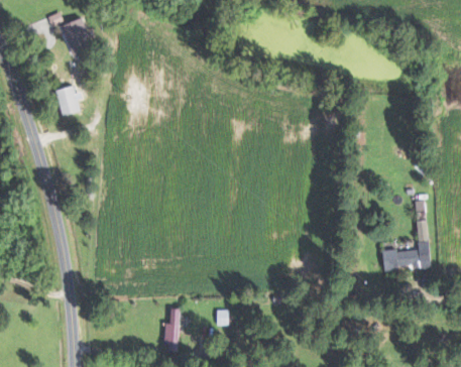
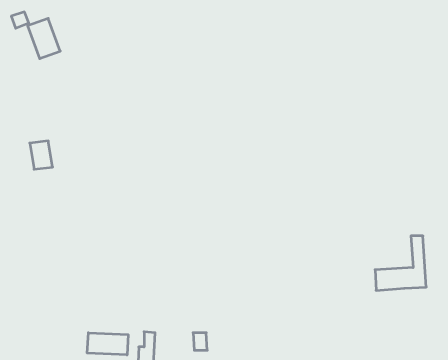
building: [56,87,78,113] -> [30,141,53,169]
building: none -> [87,333,128,355]

